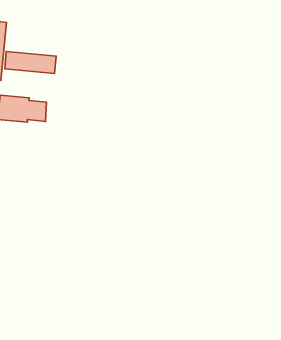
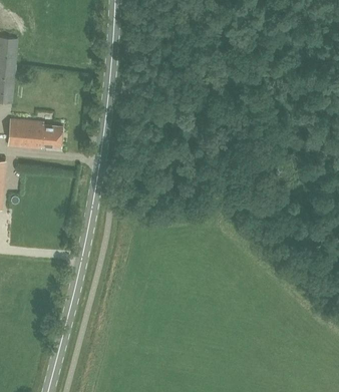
building: [5,51,56,74] -> none

